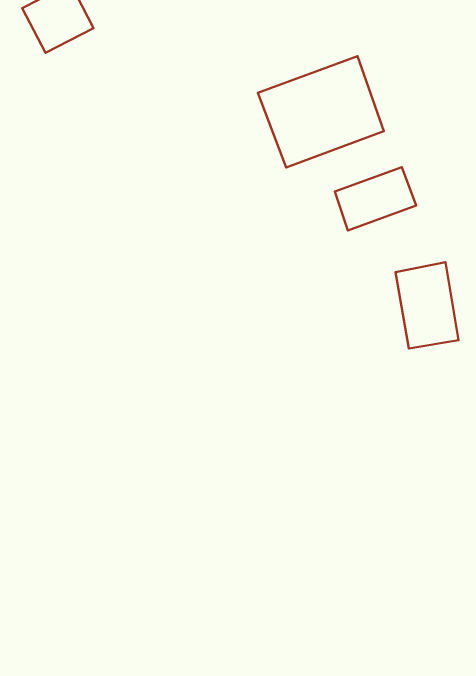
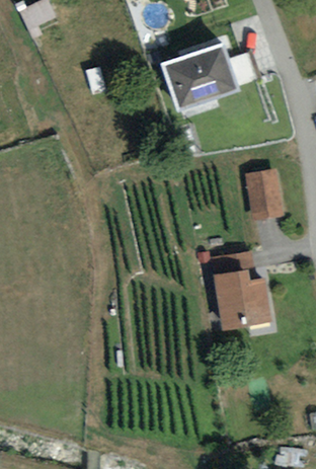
building: [335,167,416,231] -> none
building: none -> [213,267,271,328]

